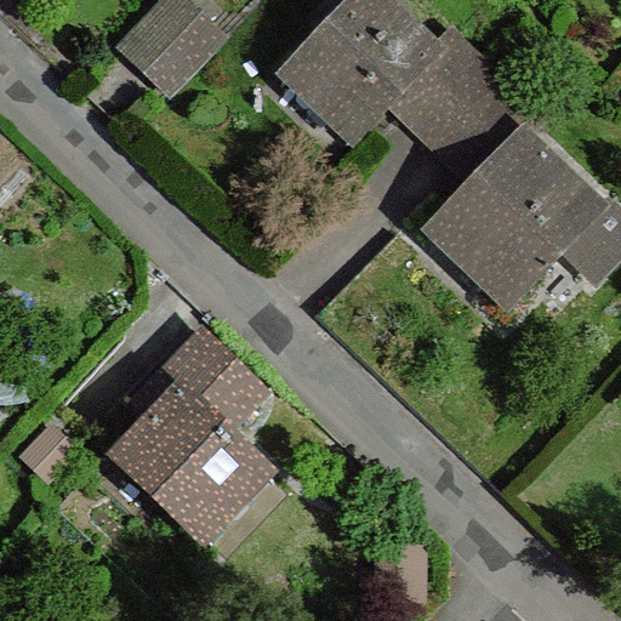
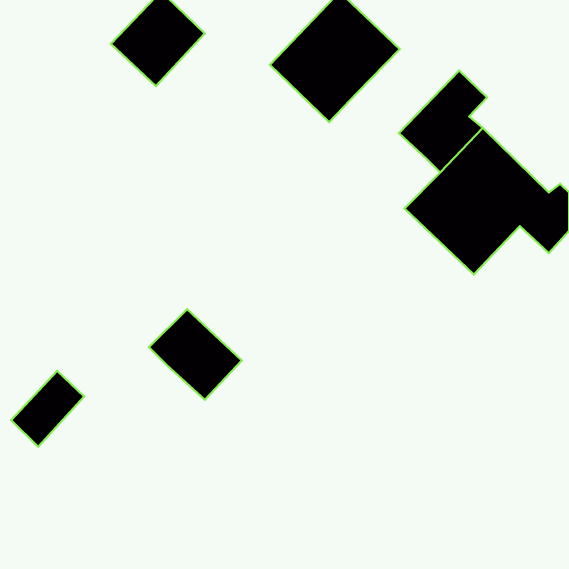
building: [387,46,497,144] -> none
building: [118,395,260,532] -> none

